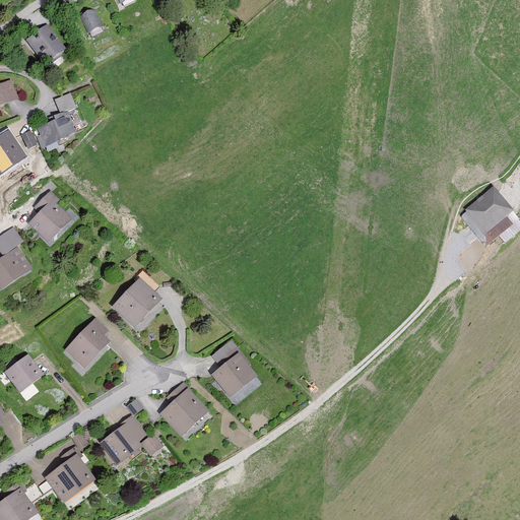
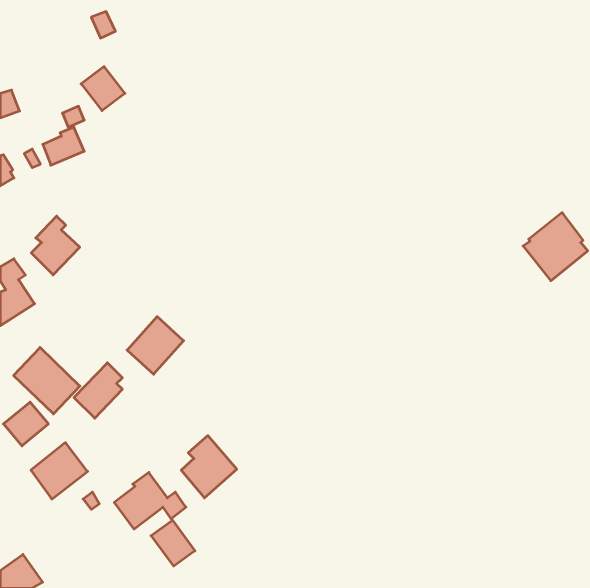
building: [25,25,64,64] -> [81,67,125,111]
building: none -> [14,347,80,414]
building: [210,346,256,398] -> none
building: [45,454,94,504] -> [31,443,88,499]
building: none -> [151,520,195,566]

